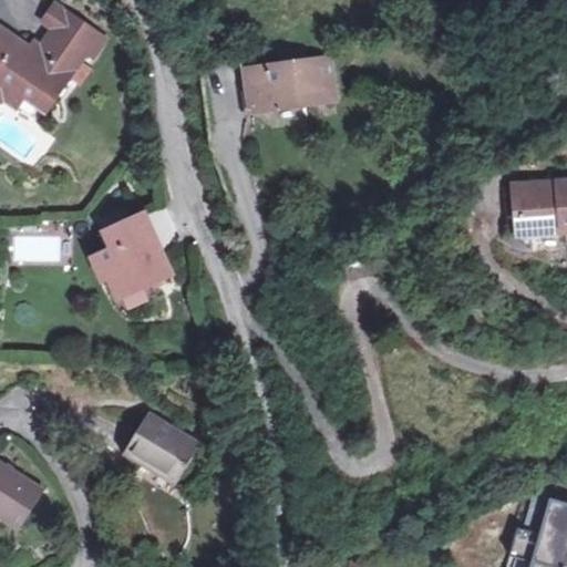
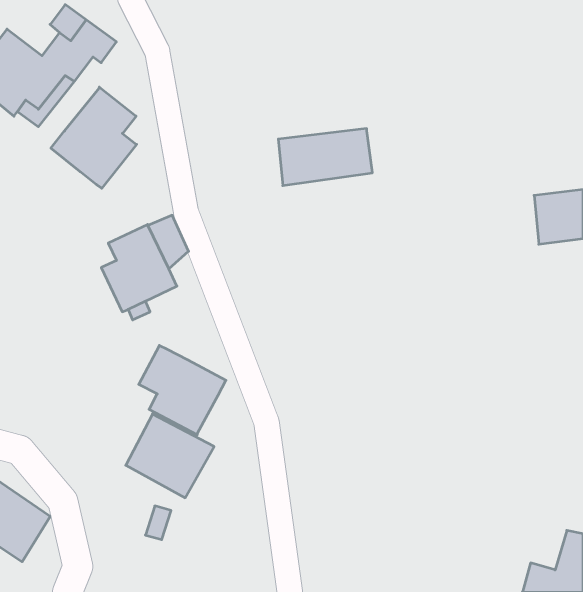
building: [245,59,334,113] -> [278,129,372,186]
building: none -> [51,87,137,188]
building: none -> [139,345,226,435]

